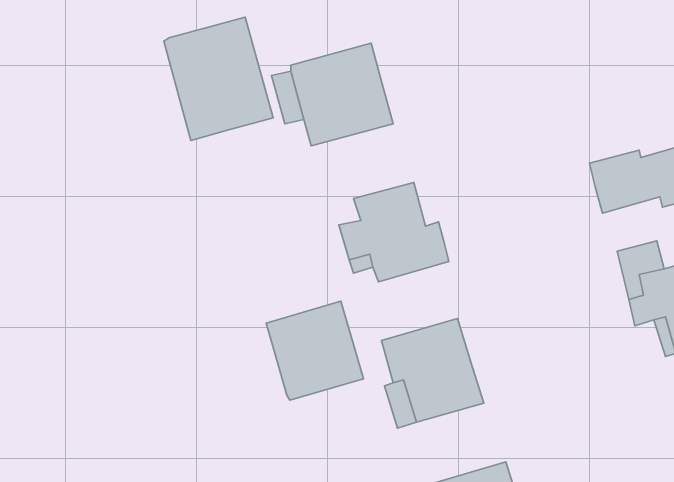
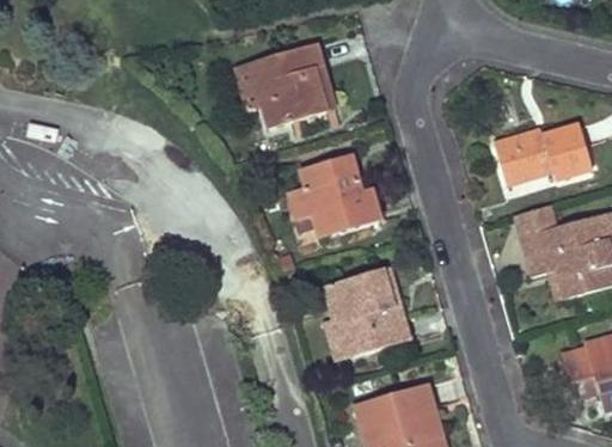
building: [164,17,273,140] -> none
building: [266,301,363,400] -> none

